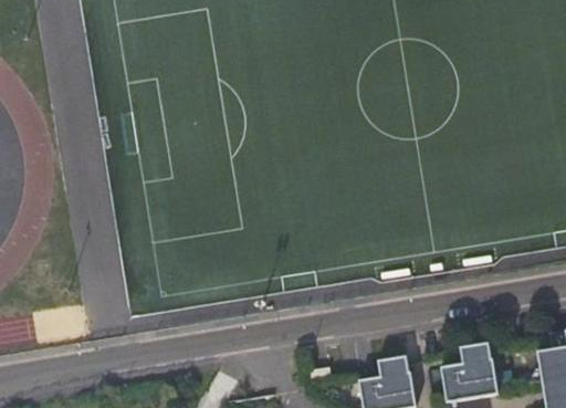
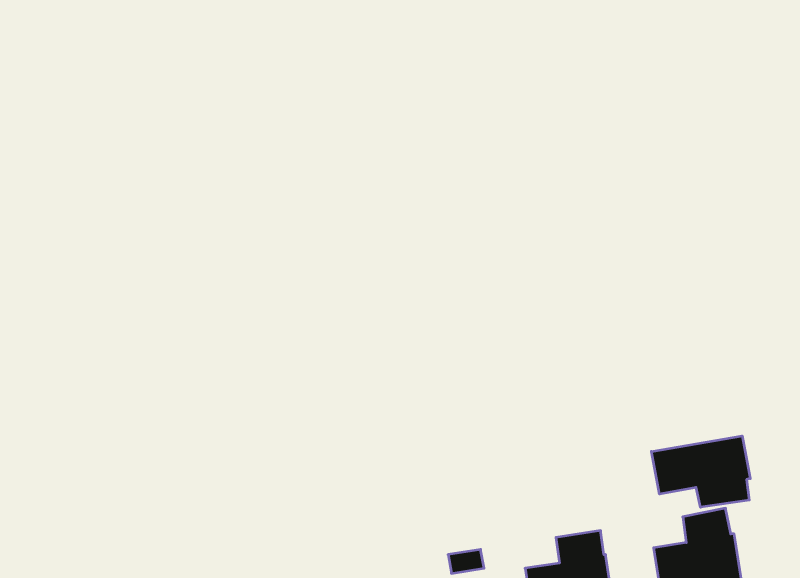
building: none -> [651,436,750,507]

